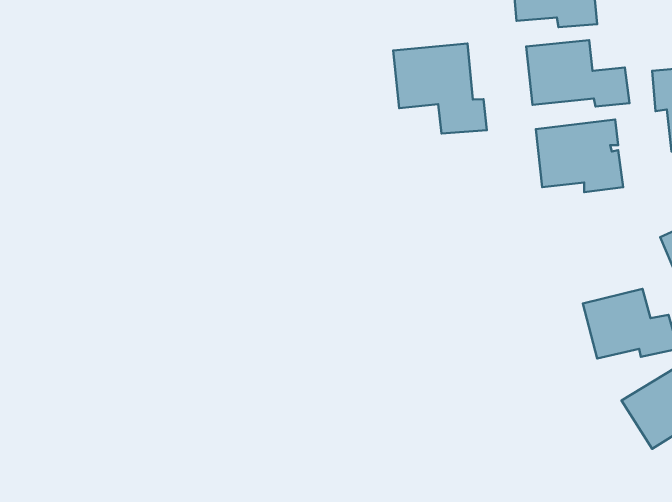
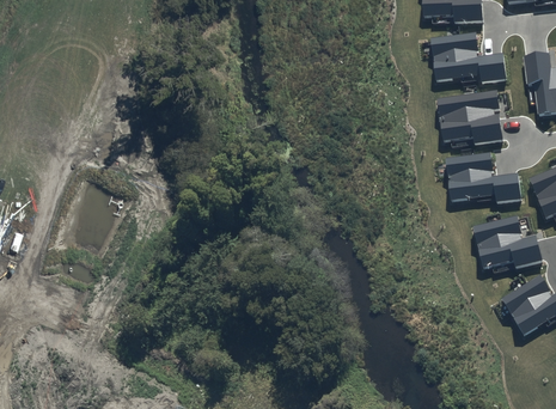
building: [393,43,487,134] -> none
building: none -> [445,154,521,203]

